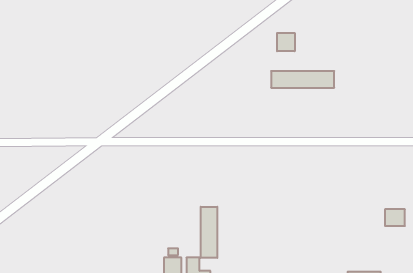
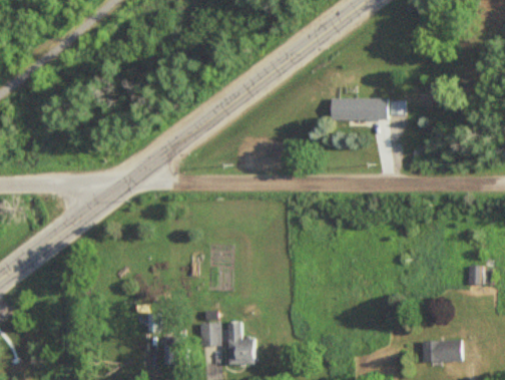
building: [277,33,295,51] -> none
building: [201,207,217,258] -> none

